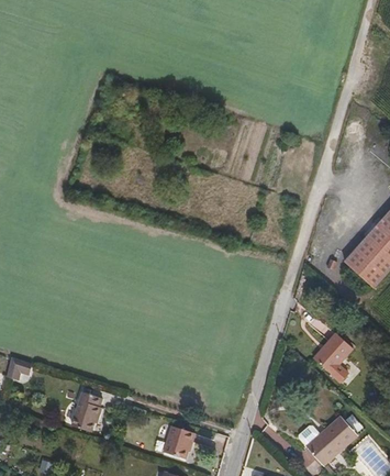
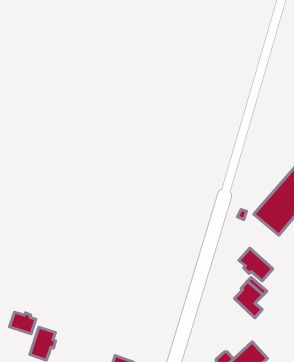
building: none -> [239,248,273,281]
building: none -> [10,312,36,334]

